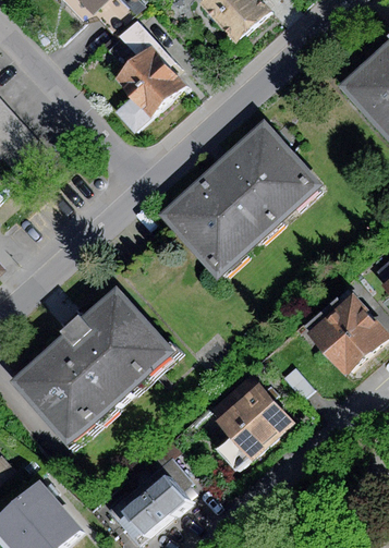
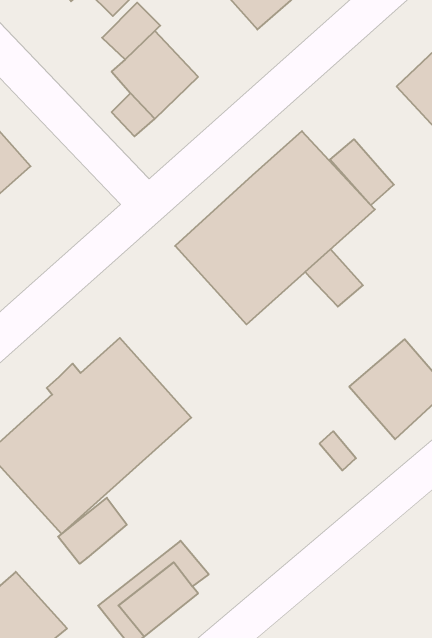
building: none -> [330,139,394,205]
building: none -> [305,249,363,307]
building: [215,381,293,471] -> none
building: none -> [58,498,127,564]

